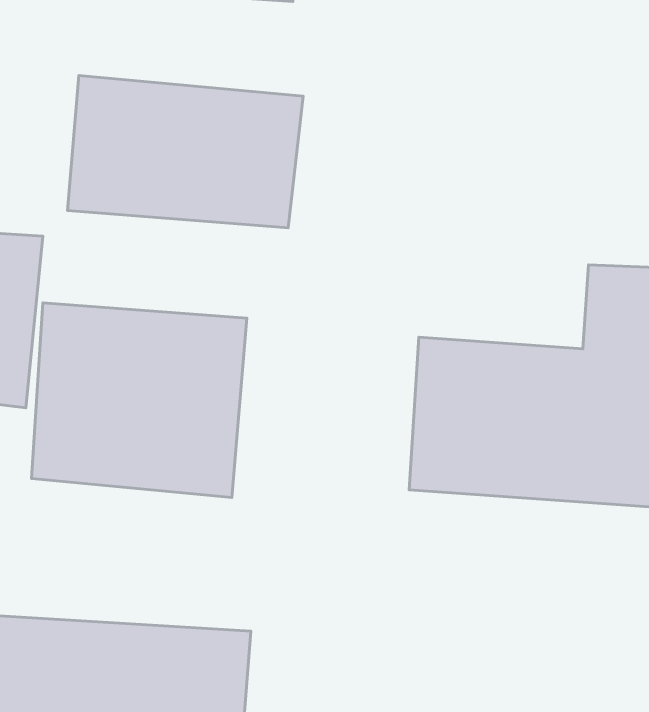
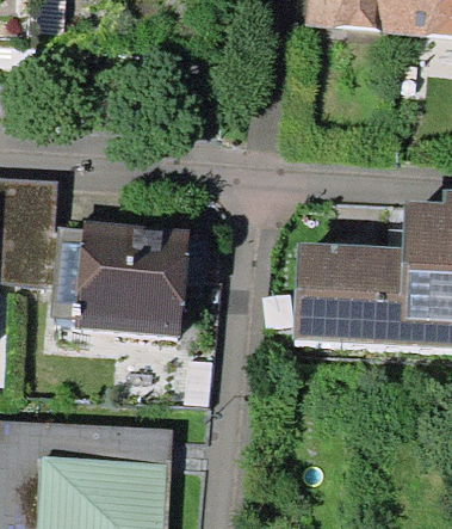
building: [68,76,303,228] -> none

